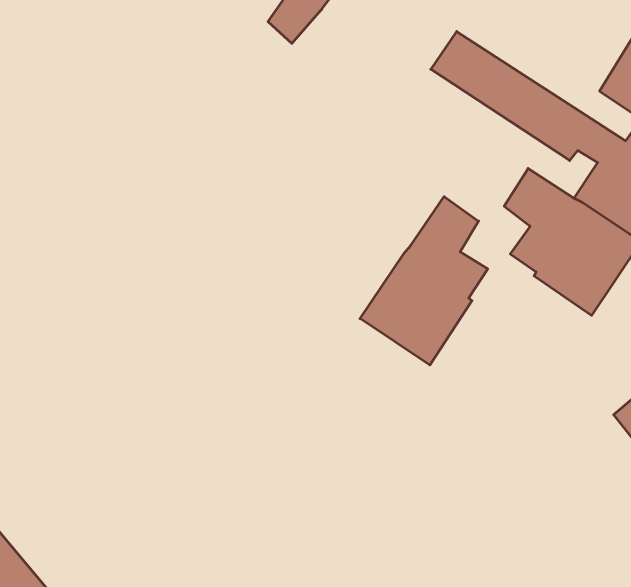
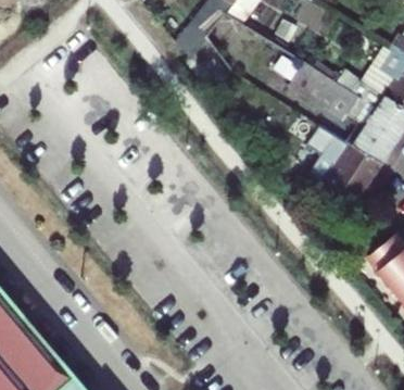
building: [360,197,488,365] -> none

